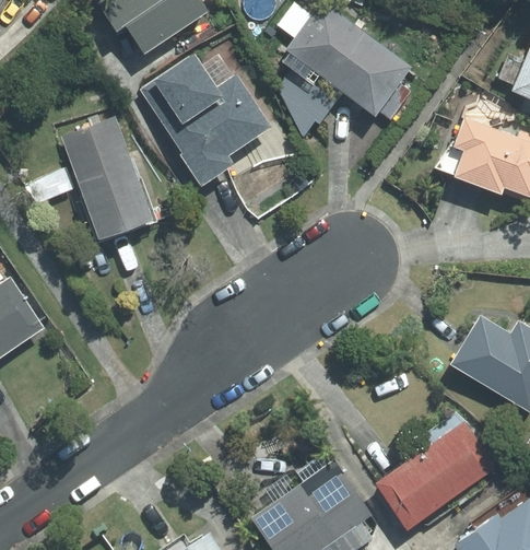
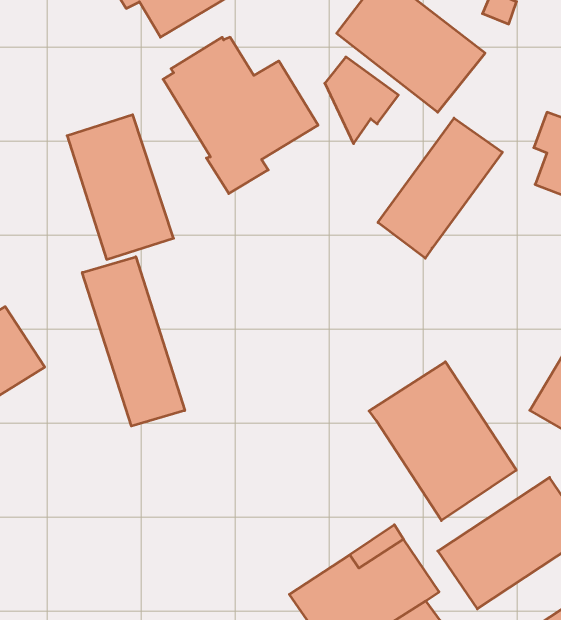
building: none -> [378,118,502,258]
building: none -> [82,257,185,426]
building: none -> [369,362,516,521]

